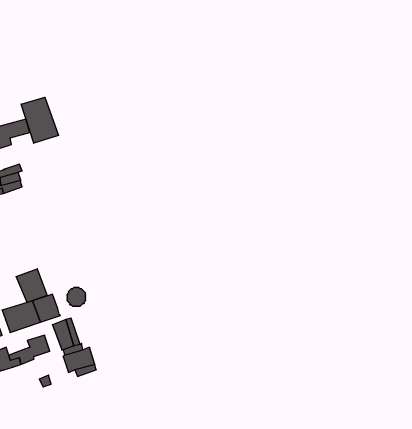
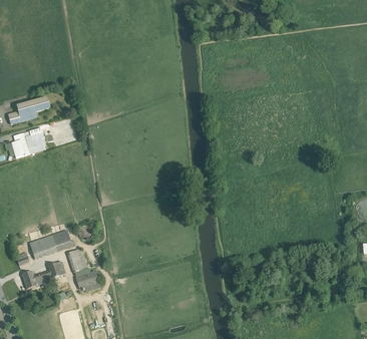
building: [21,97,59,143] -> none
building: [16,269,47,302] -> none

